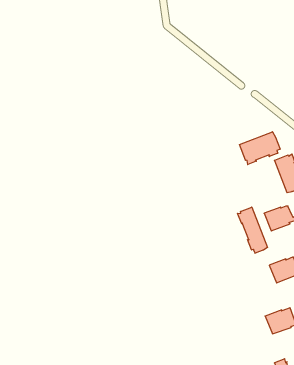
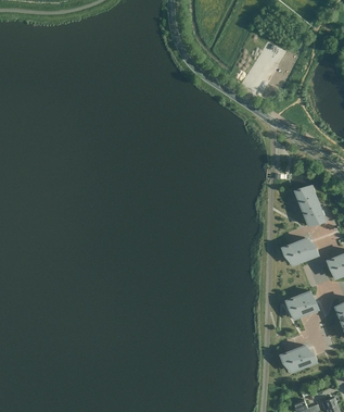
building: [239,132,280,165] -> none
building: [238,207,267,253] -> none

